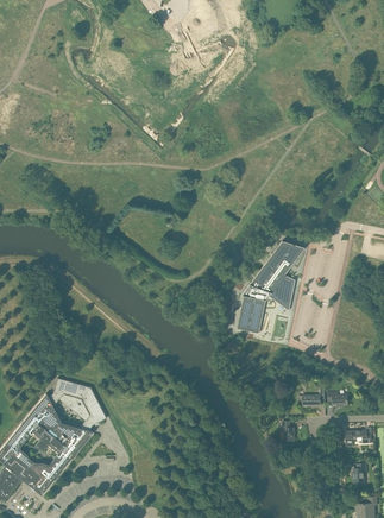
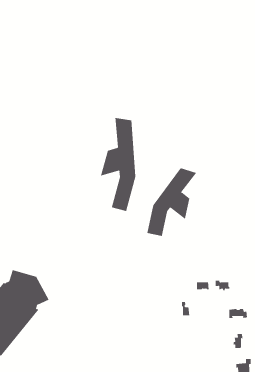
building: none -> [100,117,136,212]

